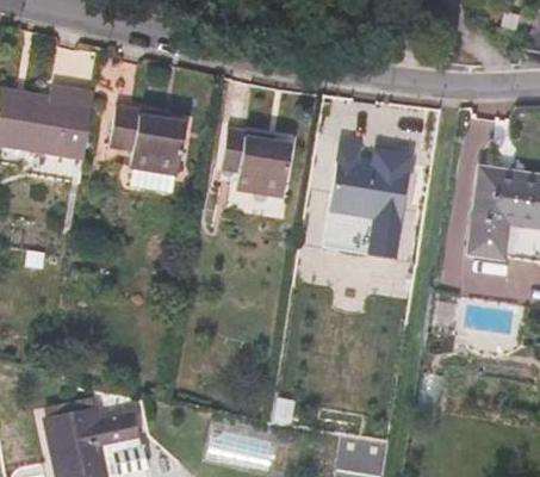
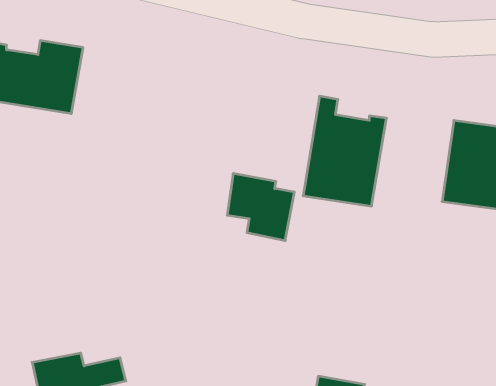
building: [111,105,185,175] -> none
building: [222,128,291,197] -> [227,174,294,241]

